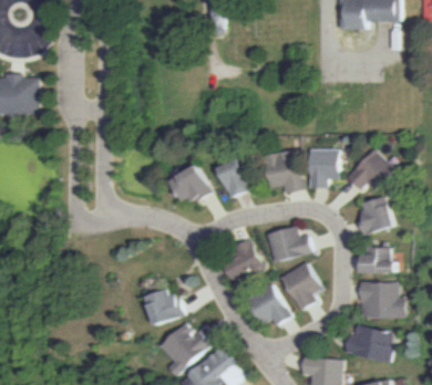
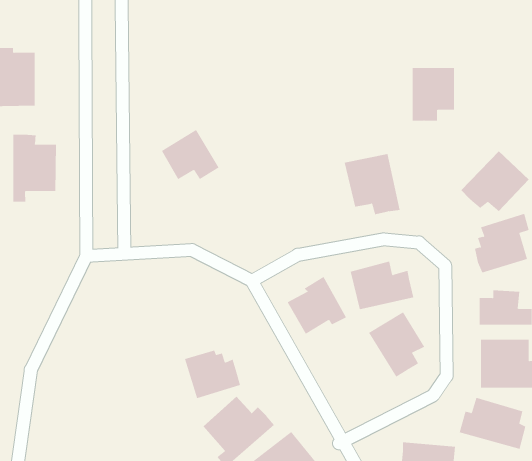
building: none -> [13,134,57,202]
building: [307,148,338,187] -> [412,67,455,121]
building: [217,156,254,196] -> none
building: [169,164,212,200] -> [161,129,219,180]
building: [246,283,291,325] -> none

